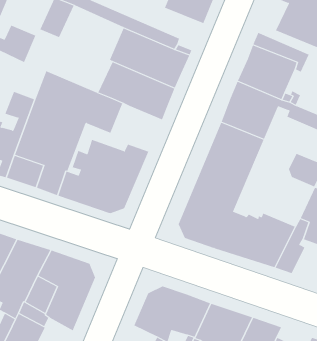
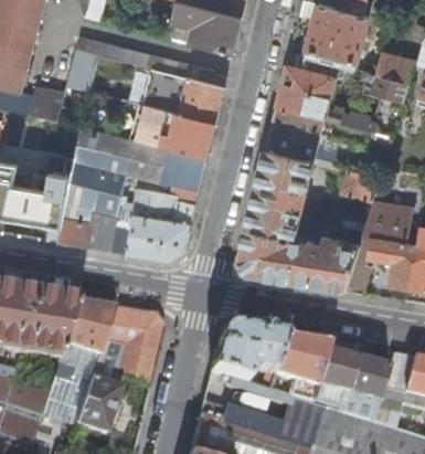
building: none -> [162,148,208,191]

